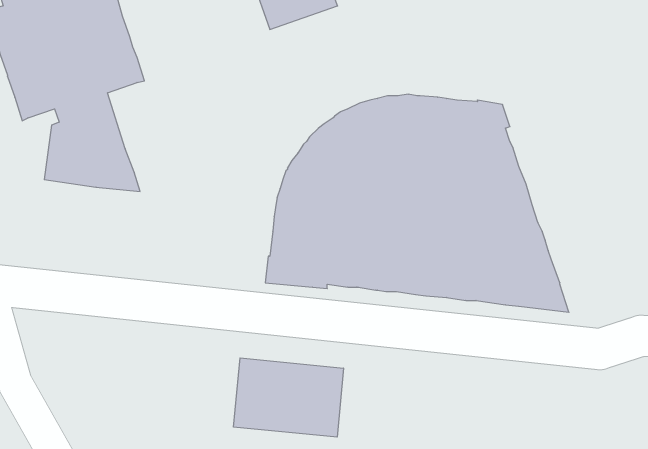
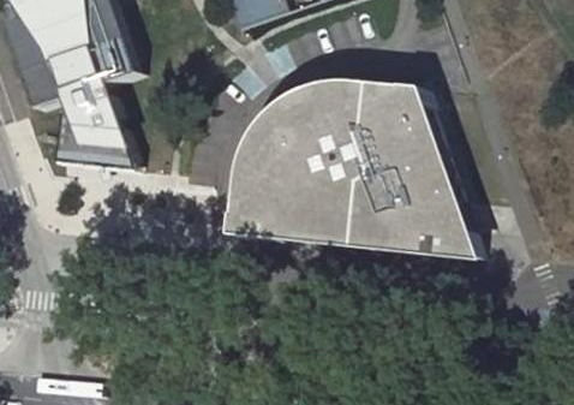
building: [234,358,343,437] -> none

